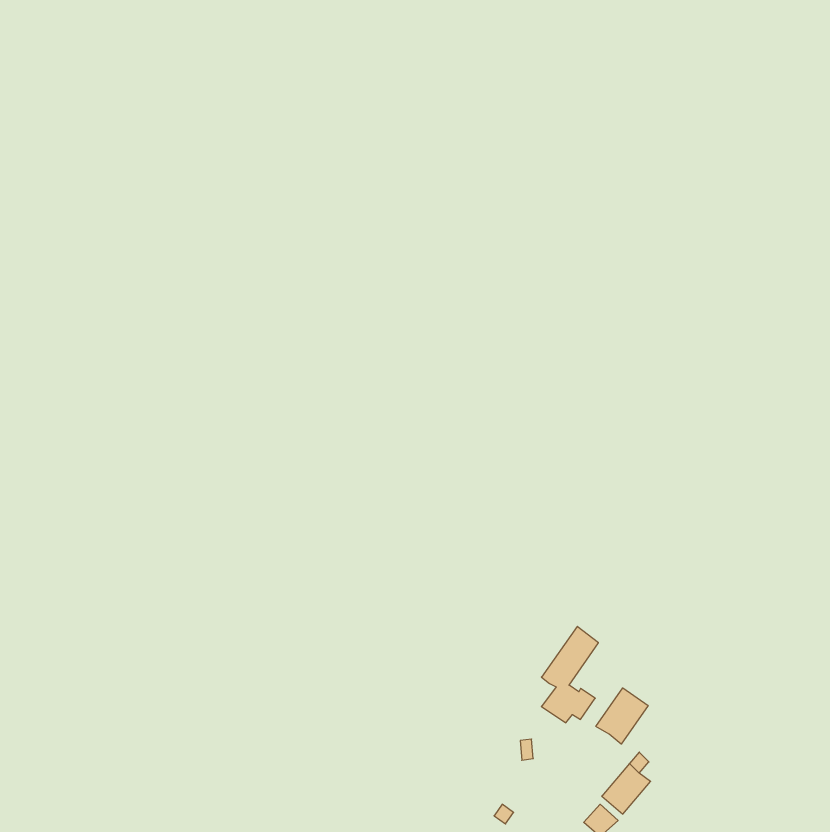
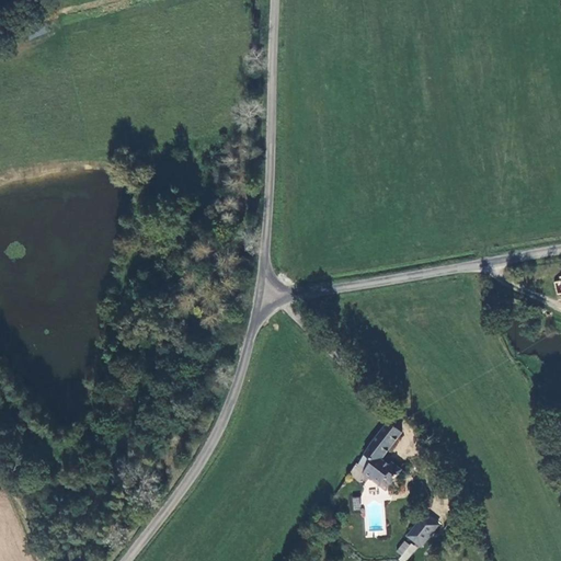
building: [596,688,648,744] -> none

